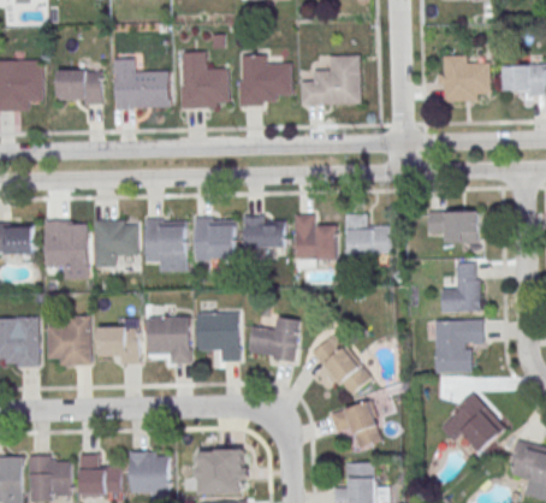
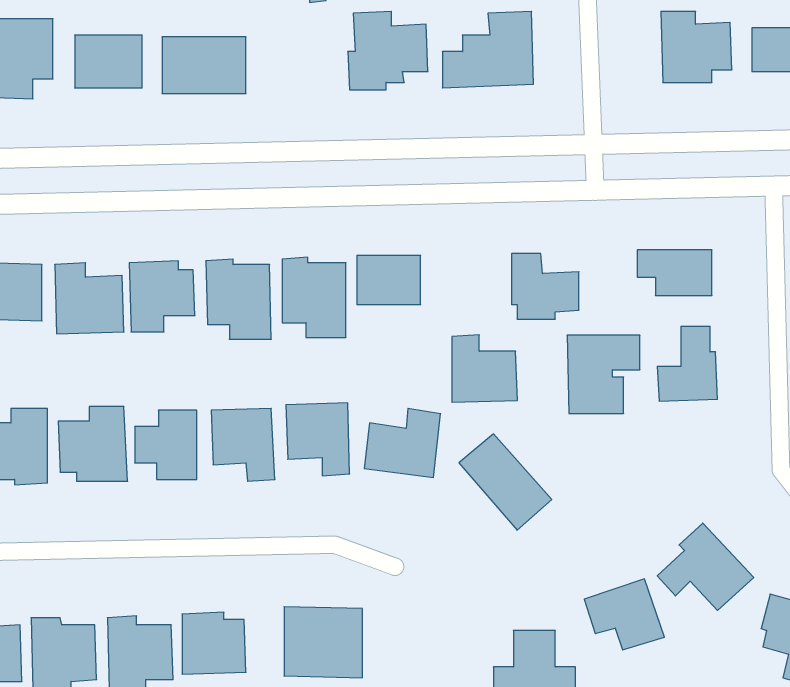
building: [179,60,227,108] -> none
building: [293,214,337,259] -> [452,335,517,402]
building: [435,320,483,372] -> [567,335,640,413]
building: [330,401,382,448] -> [584,579,664,650]

